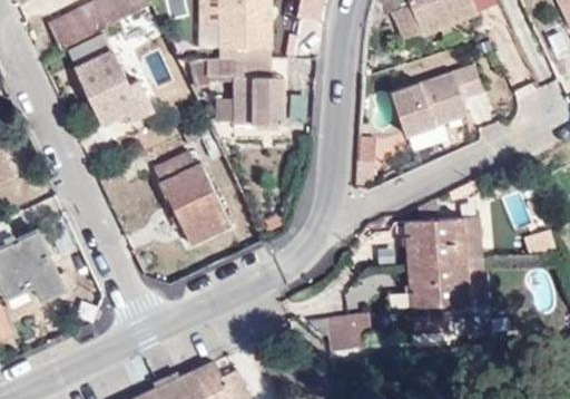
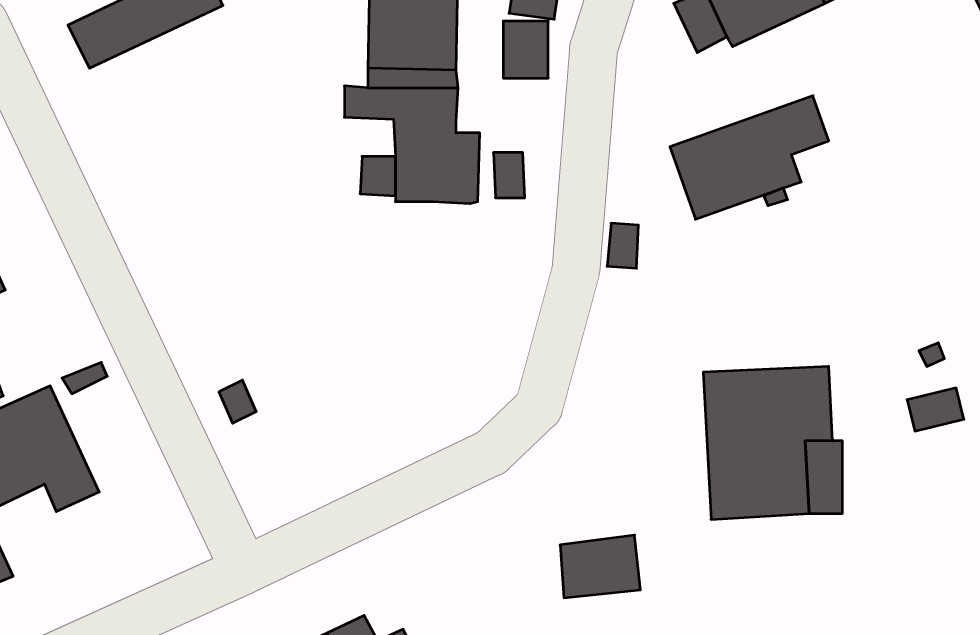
building: [68,35,153,124] -> none
building: [153,152,228,243] -> none

